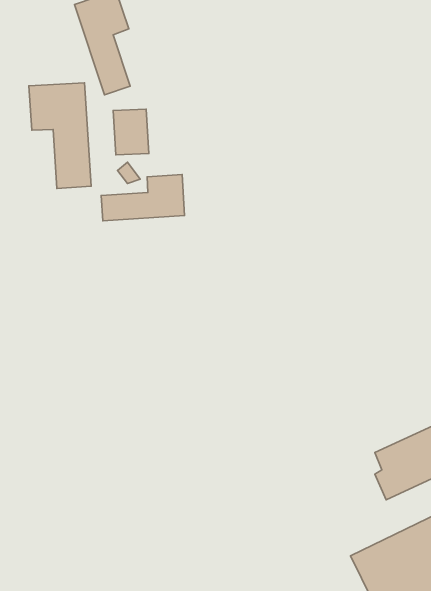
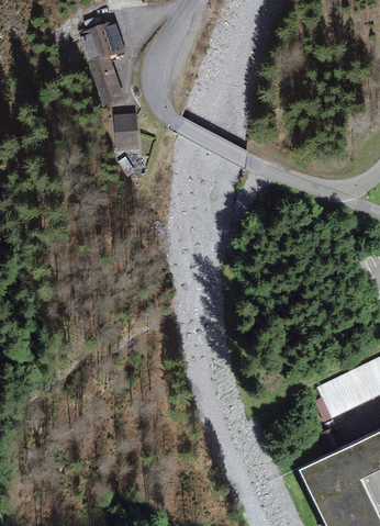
building: [29,83,91,188] -> none
building: [101,175,184,221] -> none

